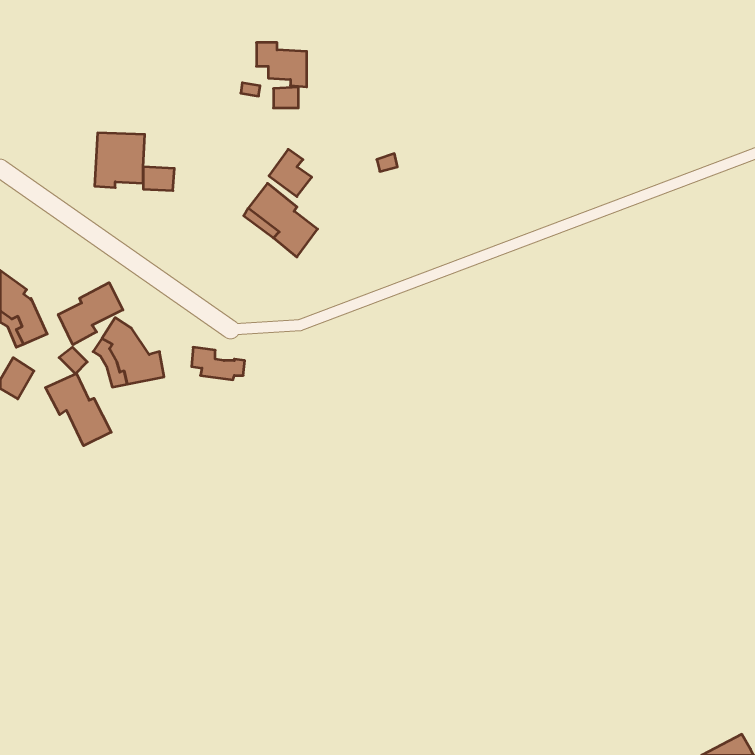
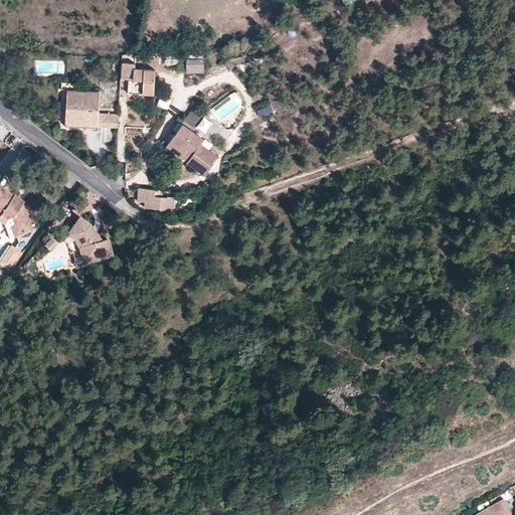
building: [256,43,307,87] -> [121,65,155,96]
building: [58,283,123,345] -> none
building: [192,347,245,380] -> [138,189,174,211]
building: [45,373,111,446] -> none

